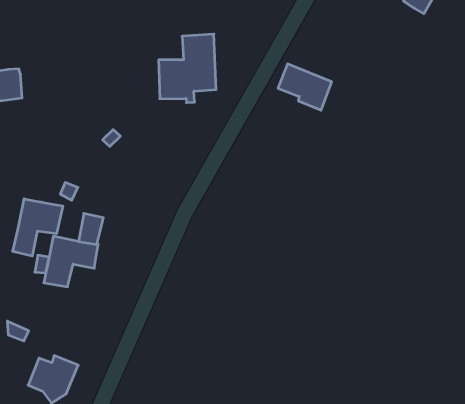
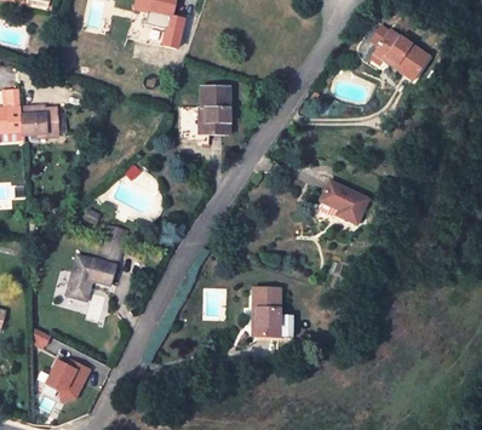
building: [278,64,332,110] -> [320,180,367,223]
building: [13,199,63,256] -> none
building: none -> [252,288,280,336]

